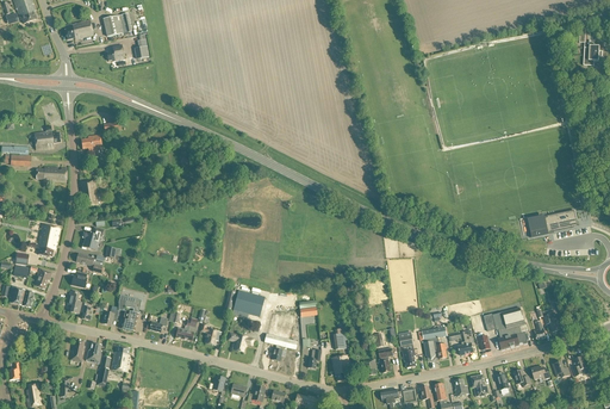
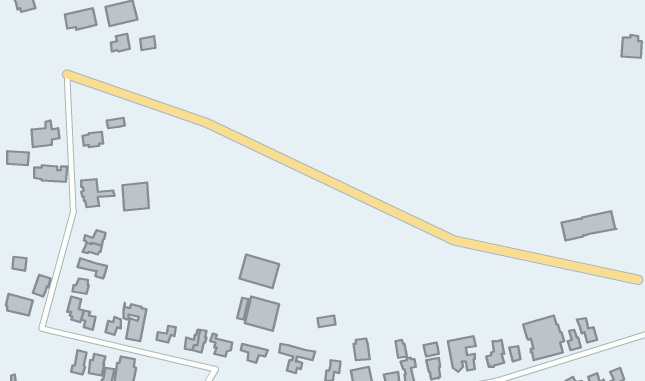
building: none -> [122,183,149,211]
building: [27,224,58,256] -> none
building: none -> [240,255,279,288]

